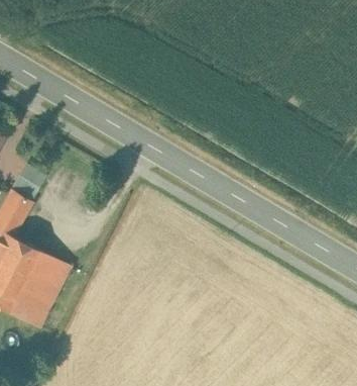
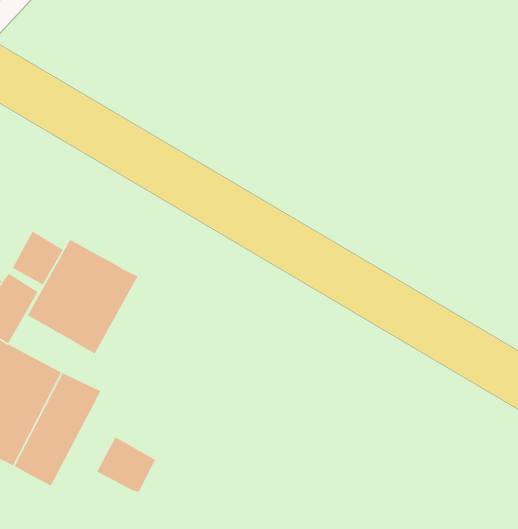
building: none -> [27,239,138,355]
building: none -> [96,437,156,493]

